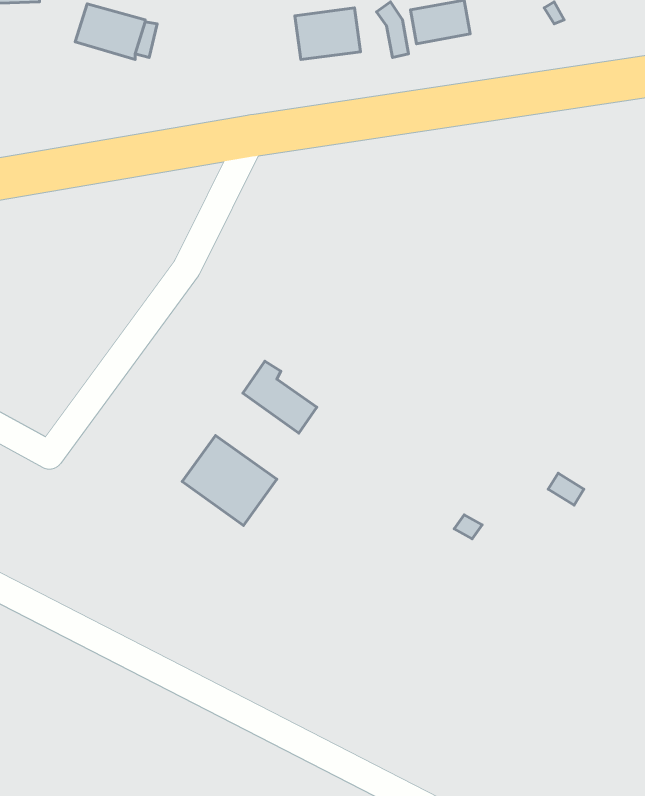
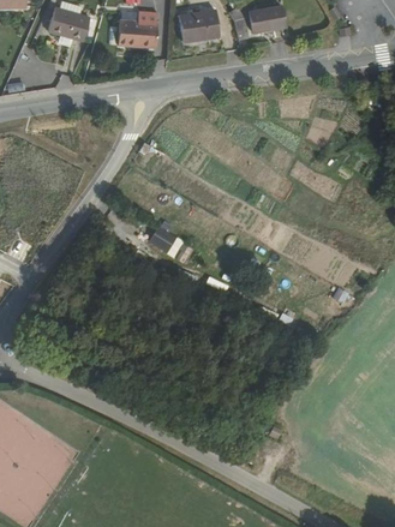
building: none -> [118,11,157,46]
building: [182,435,277,525] -> none

